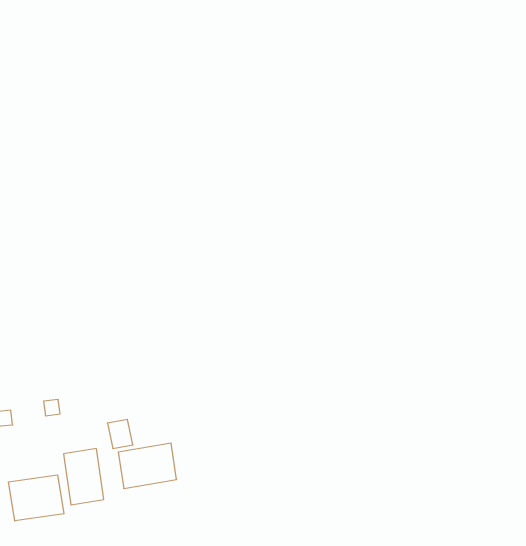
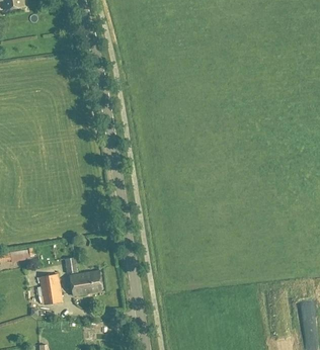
building: [8,475,64,521] -> none

